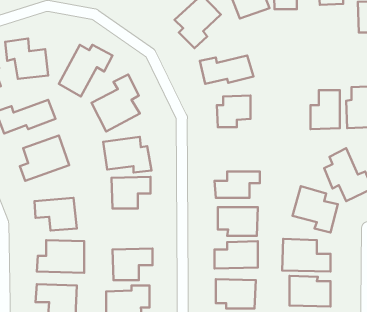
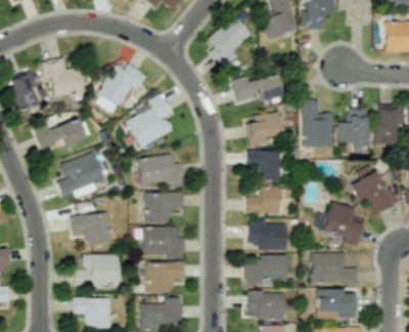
building: none -> [302,100,333,148]
building: none -> [246,151,281,180]
building: none -> [142,226,184,258]

